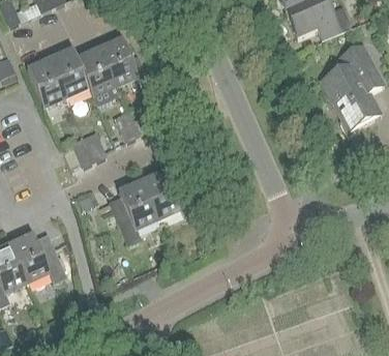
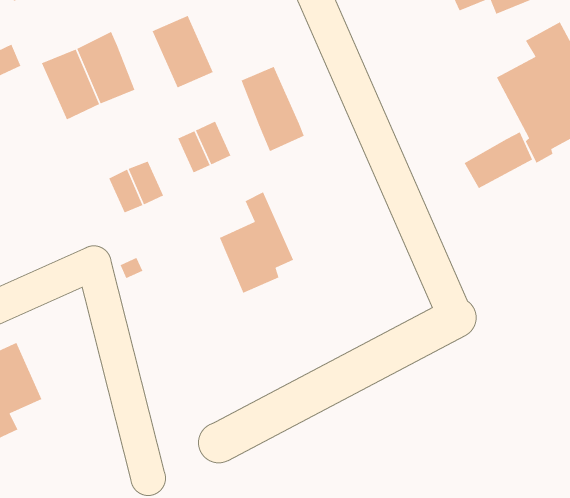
building: [77,47,118,102] -> [241,66,305,152]
building: none -> [464,131,533,189]
building: [109,180,157,243] -> none
building: [11,236,68,285] -> none

